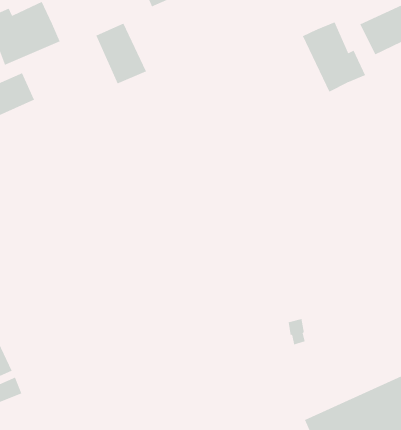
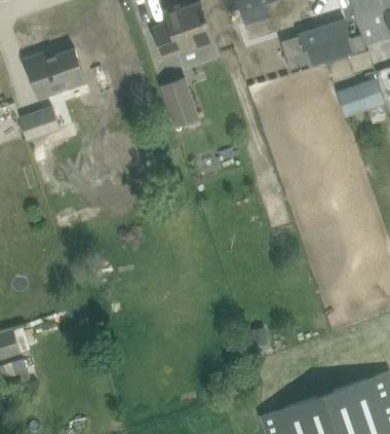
building: [302,22,366,92] -> none
building: [95,23,147,84] -> [158,77,198,128]

